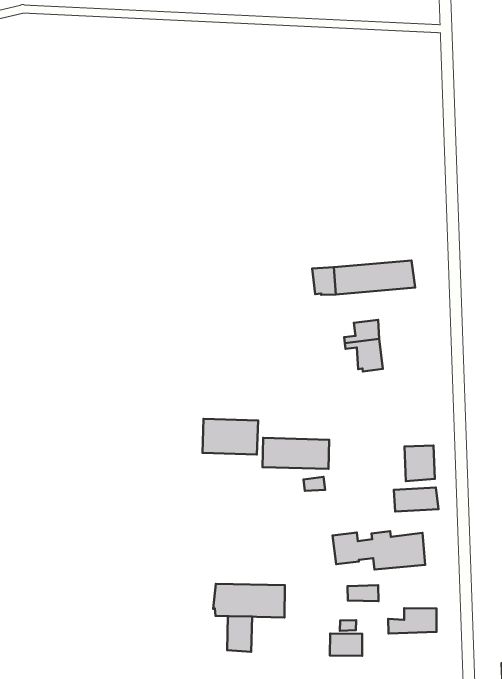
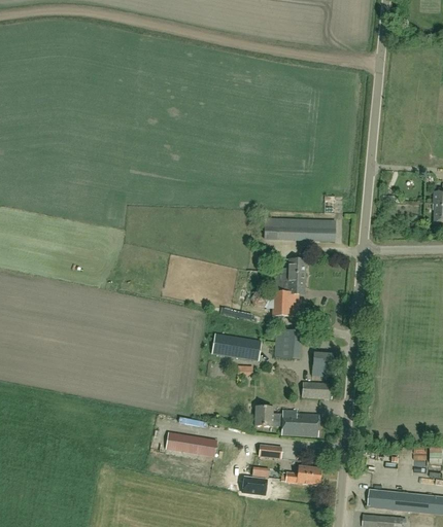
building: none -> [272,292,291,316]
building: [202,419,258,454] -> none
building: none -> [273,328,301,359]
building: [227,616,252,652] -> none

